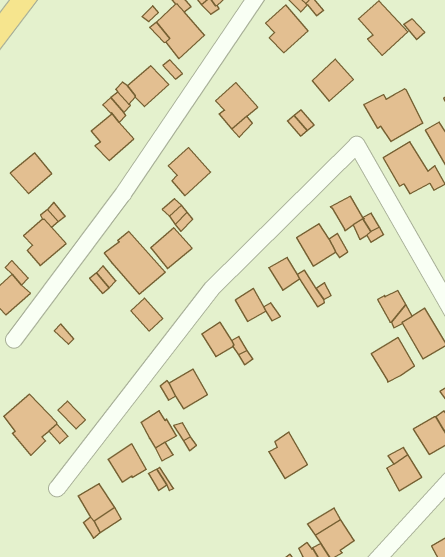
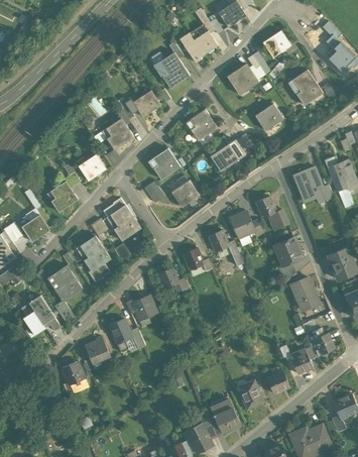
building: [364,89,423,142] -> none
building: none -> [210,144,238,172]
building: [10,153,52,194] -> [78,154,105,181]
building: [151,228,192,269] -> [171,181,199,207]
building: none -> [80,235,110,271]
building: [371,338,414,382] -> [274,237,302,265]
building: none -> [51,265,81,302]
building: [269,432,307,479] -> [239,379,263,410]

